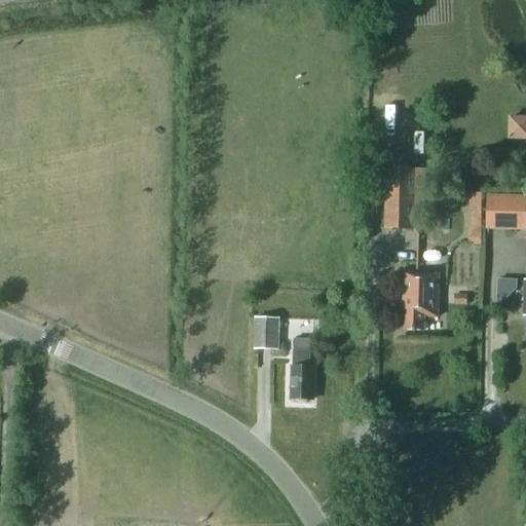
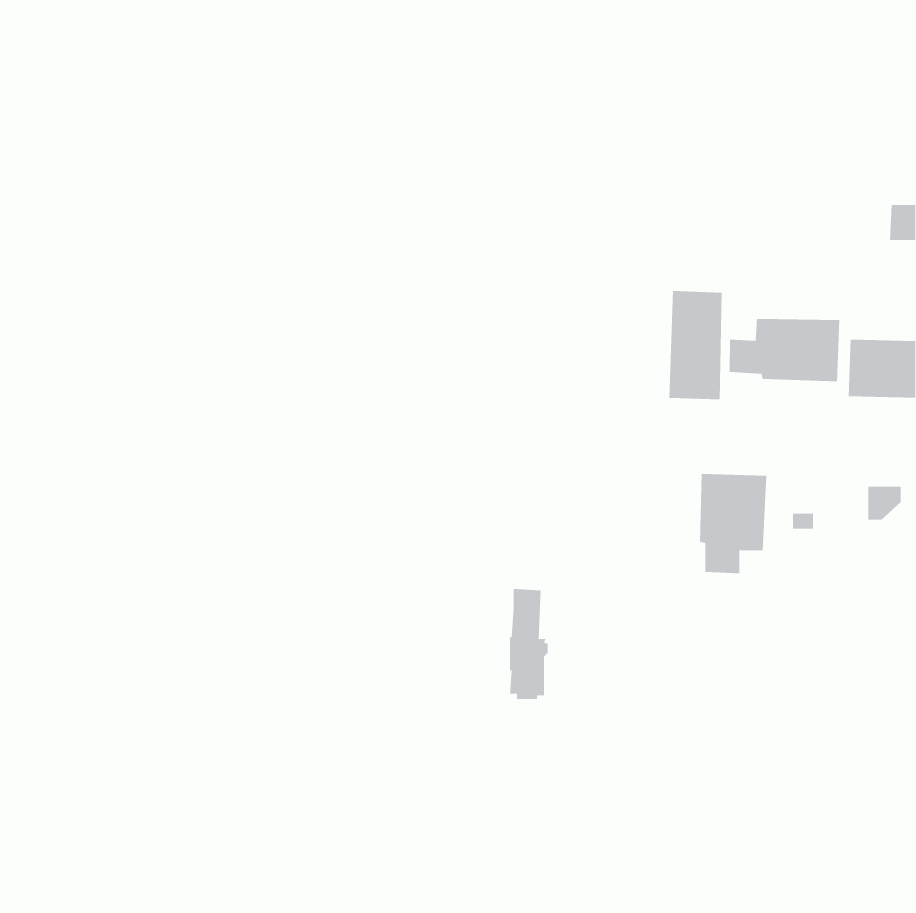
building: none -> [729,318,840,382]
building: [256,316,279,348] -> none

